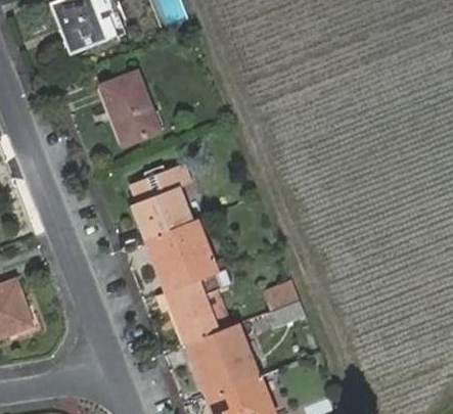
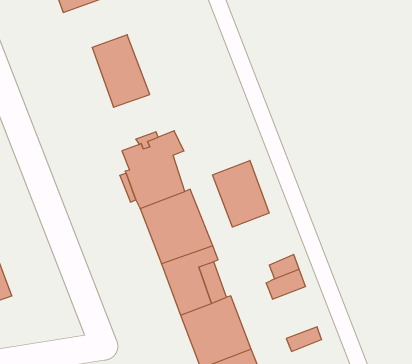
building: none -> [212,160,269,227]

